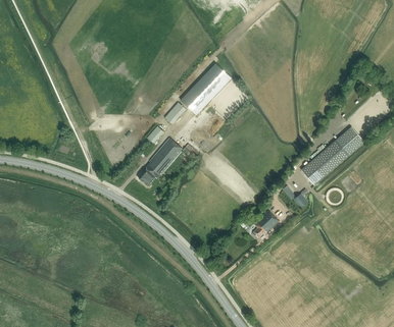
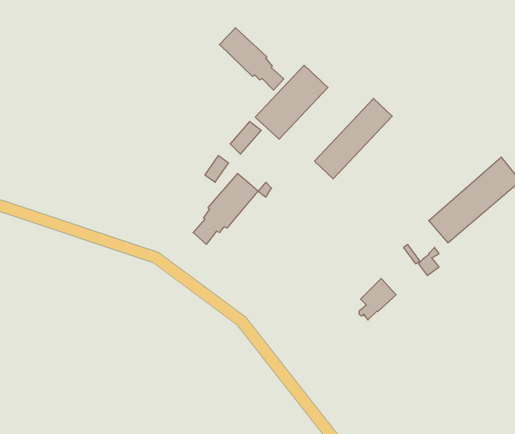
building: none -> [219,28,284,90]
building: none -> [315,98,392,179]

